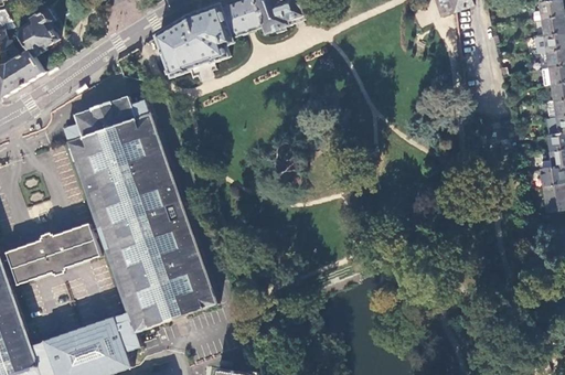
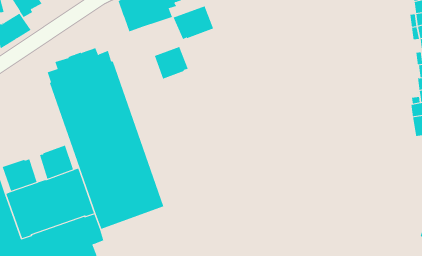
building: none -> [173,6,214,40]
building: none -> [154,46,188,80]
building: [35,233,64,270] -> none

